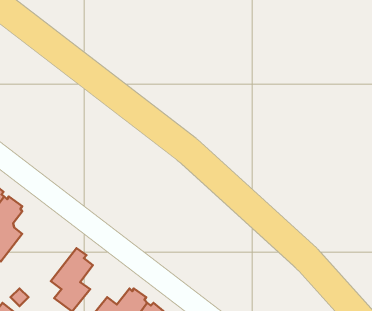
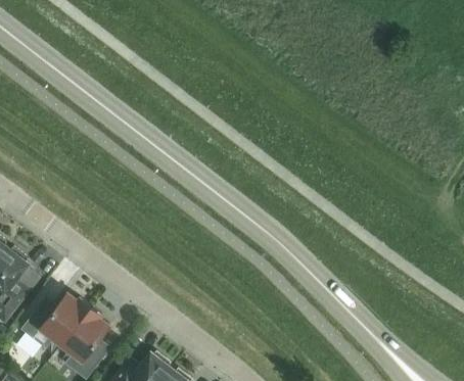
building: none -> [22,293,91,345]

